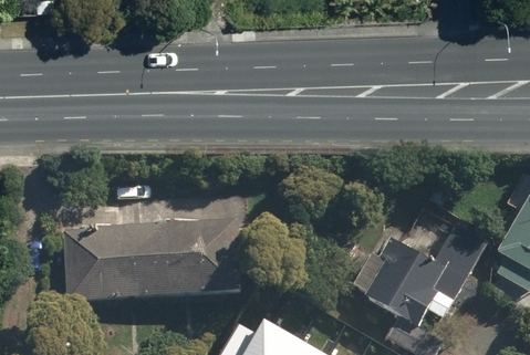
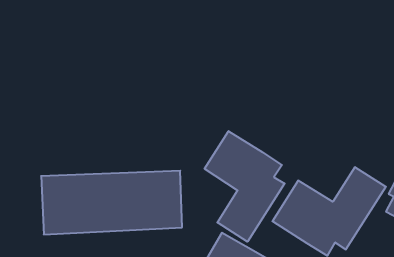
building: none -> [205,131,285,242]

